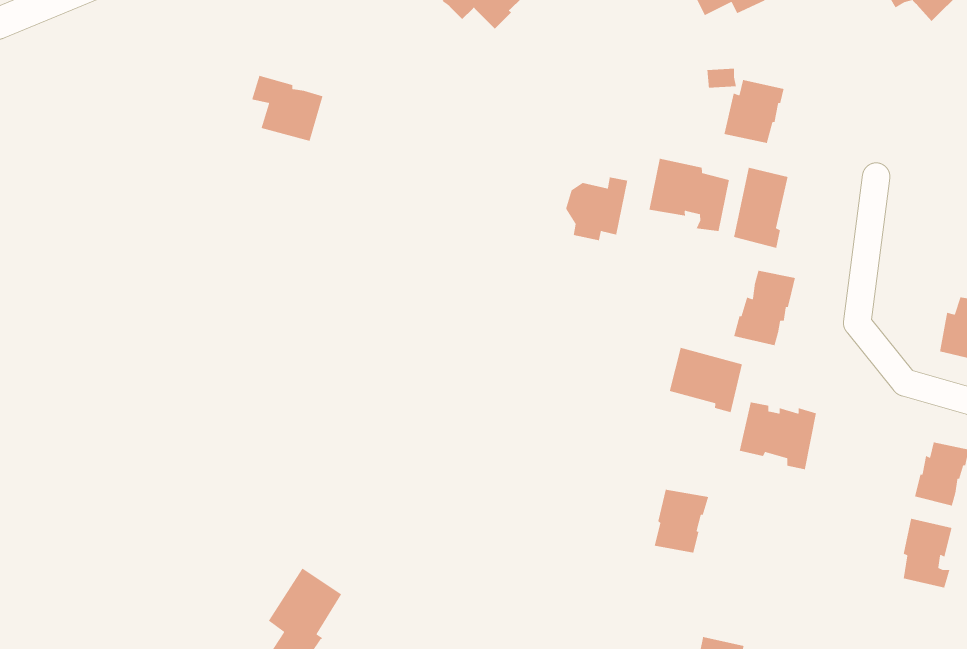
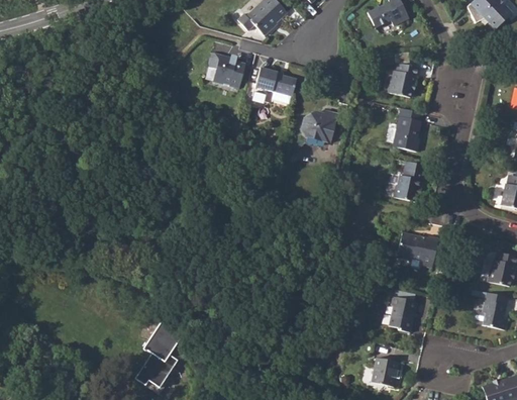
building: [251,75,324,142] -> [209,53,247,88]
building: none -> [256,68,298,104]
building: [649,158,730,232] -> none
building: [669,347,743,413] -> none
building: [654,489,709,554] -> [387,295,416,329]

